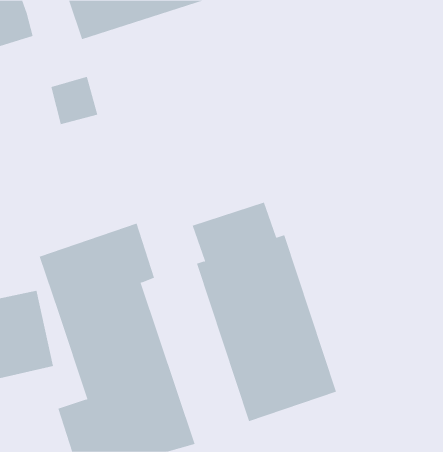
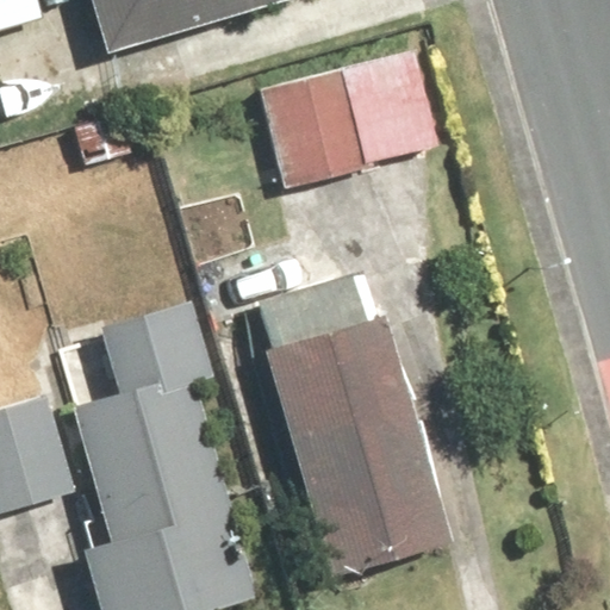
building: none -> [256,45,438,189]

